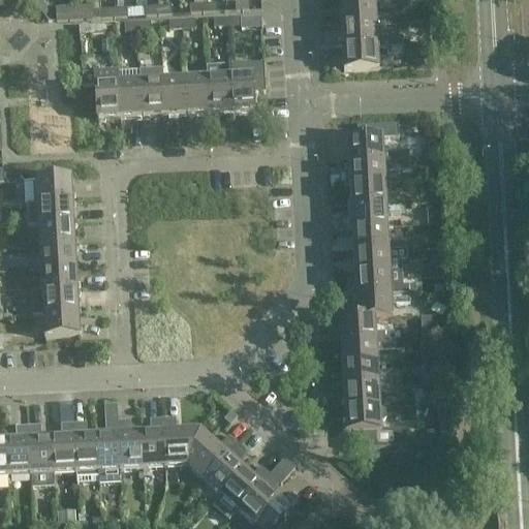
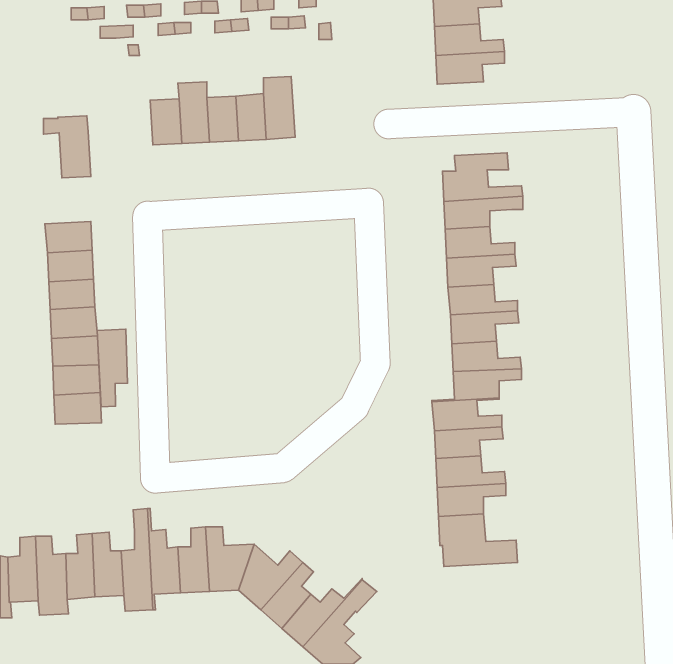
building: [228,59,254,107] -> none
building: [83,66,120,115] -> [43,116,91,178]
building: none -> [97,329,128,407]

